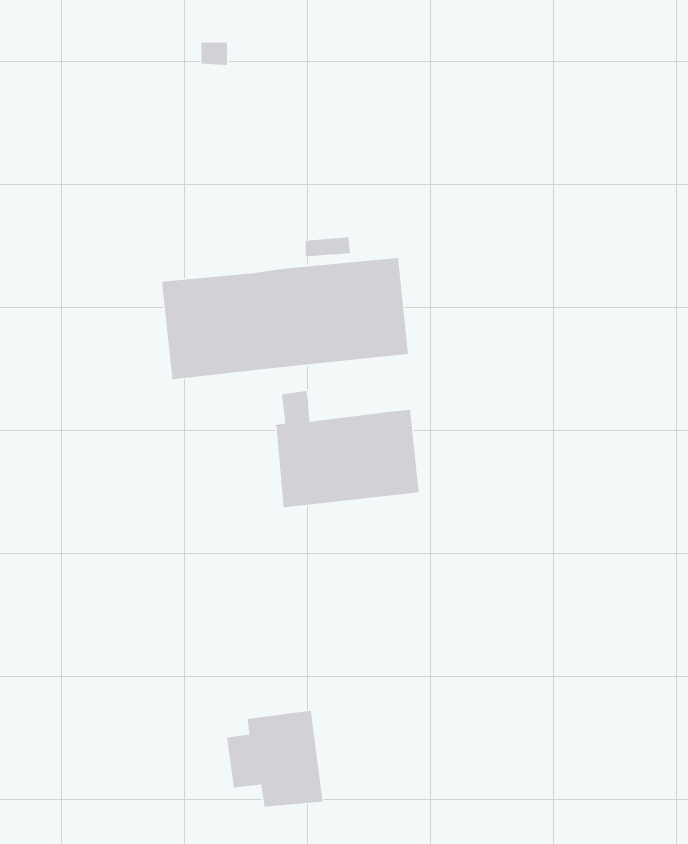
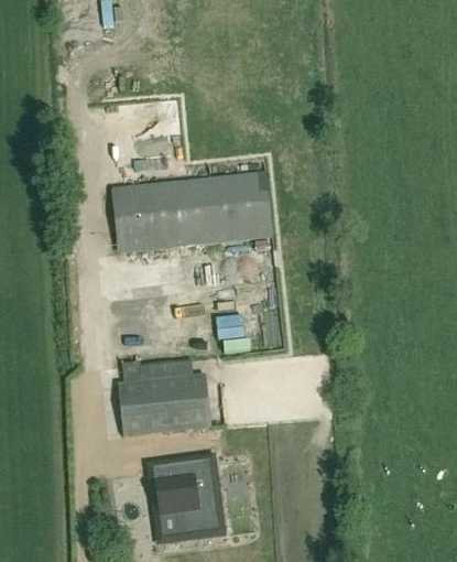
building: [274,390,419,508] -> [117,359,210,435]

